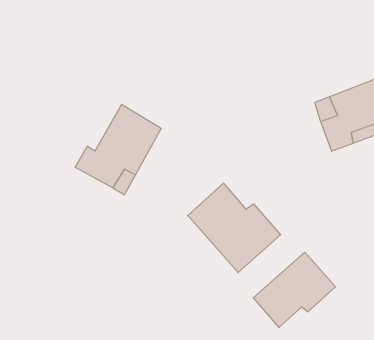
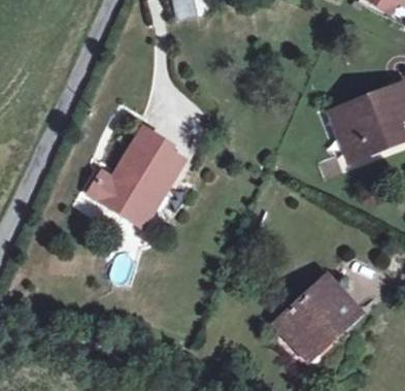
building: [188,183,281,273] -> none

